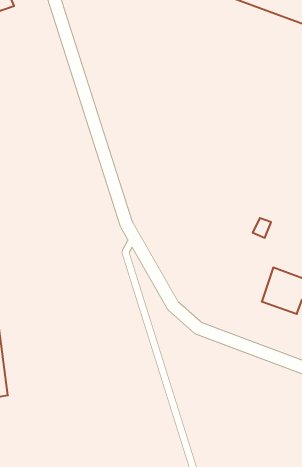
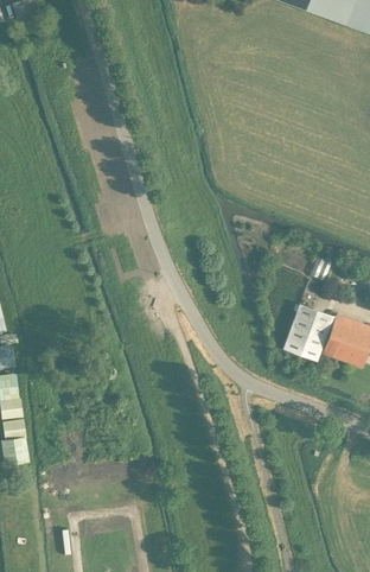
building: none -> [281,303,332,360]

